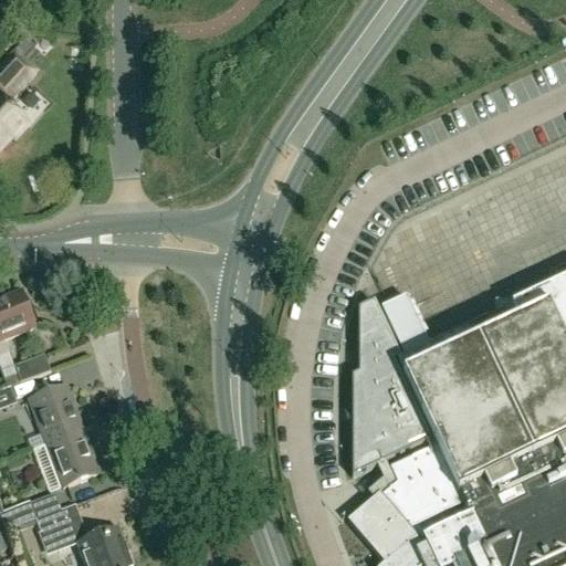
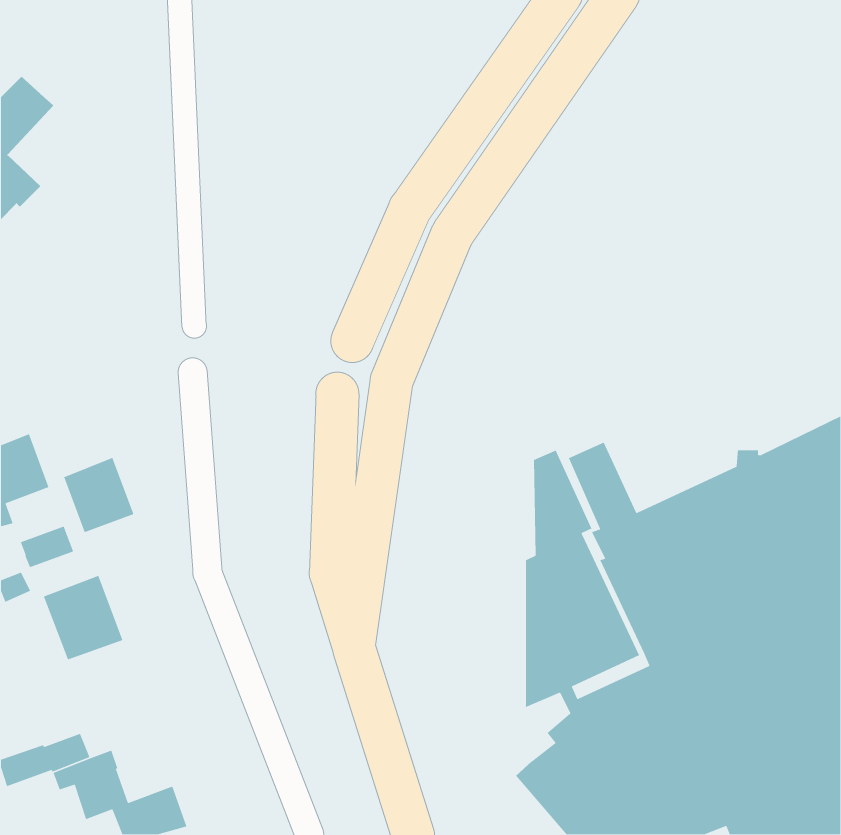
building: none -> [63,457,135,533]
building: [45,430,98,486] -> none

